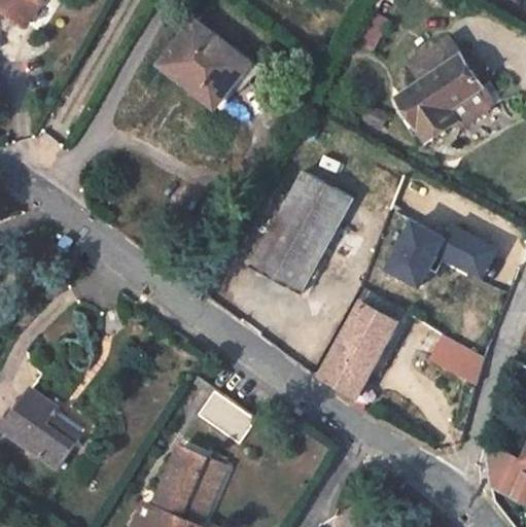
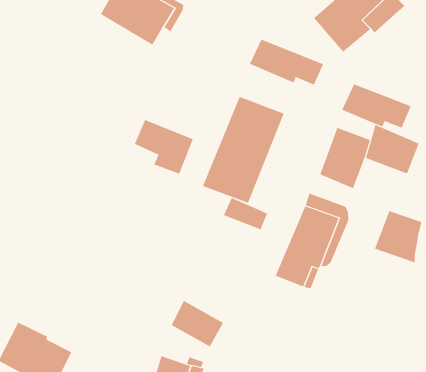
building: none -> [249,39,324,85]
building: none -> [342,83,411,129]
building: none -> [134,119,194,175]
building: none -> [223,197,268,230]

